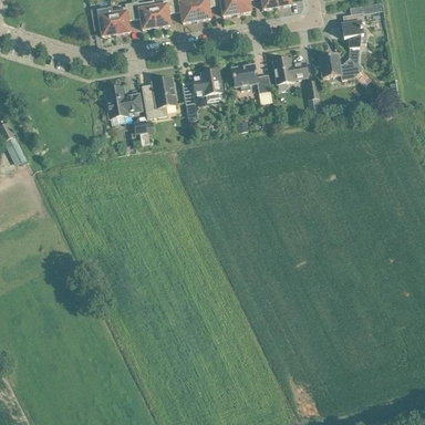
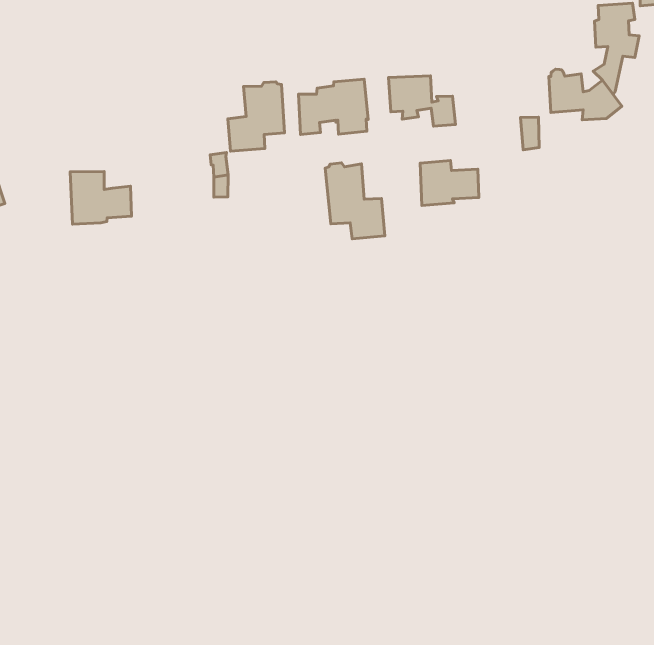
building: [273,56,308,83] -> [420,160,479,205]
building: [105,85,142,116] -> [70,171,131,224]
building: none -> [325,163,385,239]

